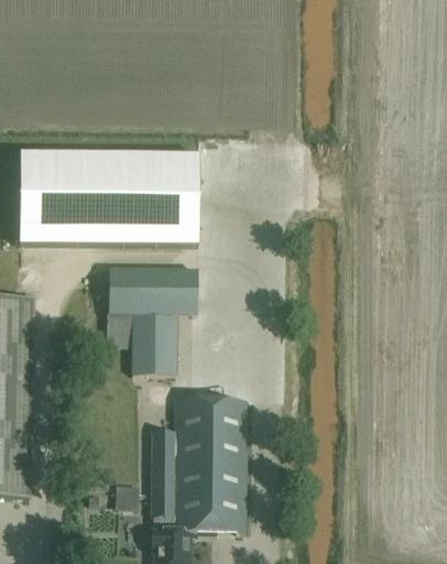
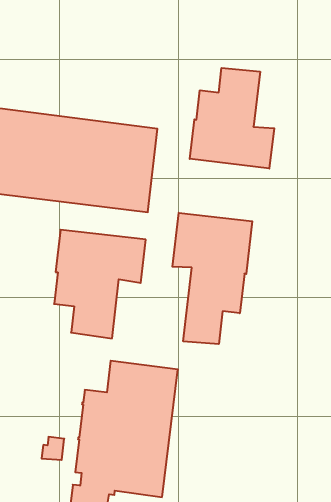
building: none -> [190,68,274,169]
building: none -> [172,213,252,344]

